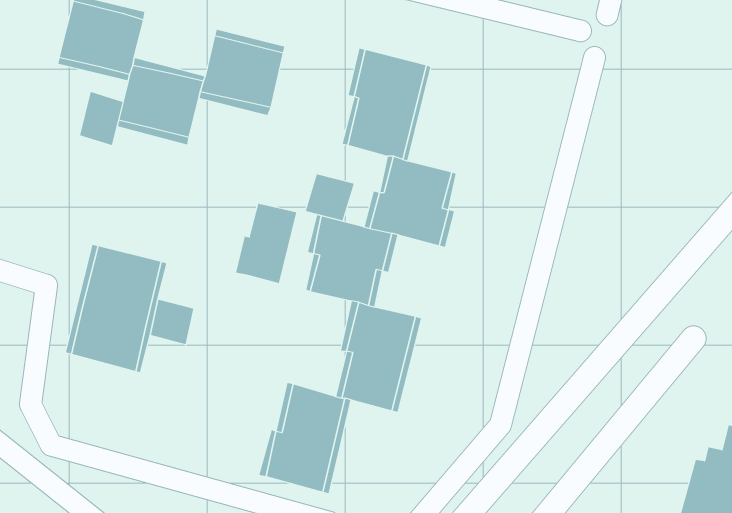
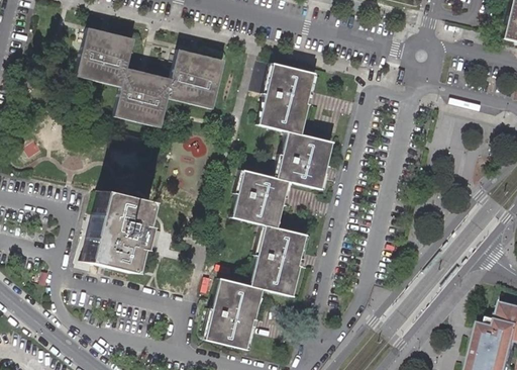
building: [79,91,123,146] -> none
building: [305,173,354,221] -> none
building: [236,202,297,284] -> none

